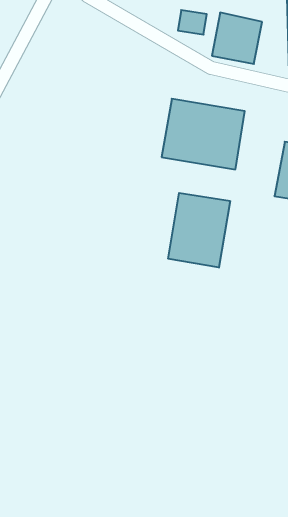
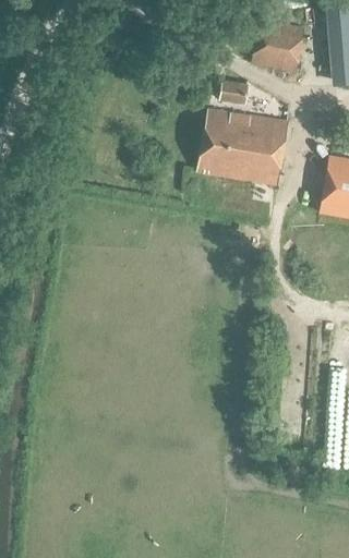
building: [178,10,207,35] -> [219,78,250,105]
building: [168,193,230,268] -> none

